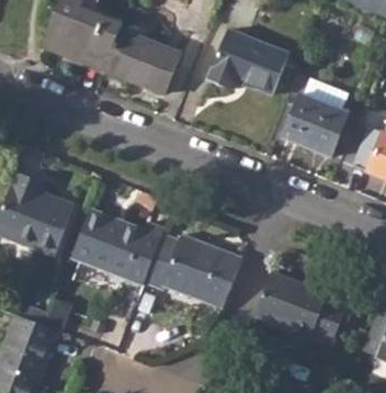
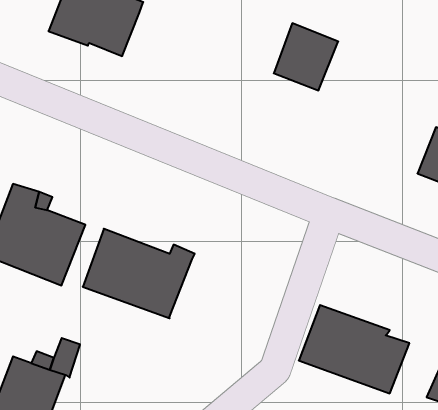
building: [204,29,247,90] -> none
building: [105,30,179,91] -> none
building: [283,93,347,156] -> none
building: [145,235,241,308] -> none

